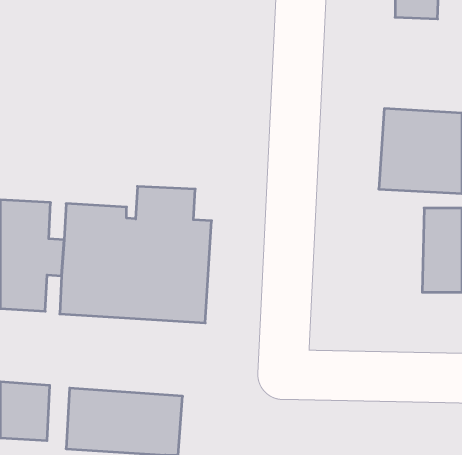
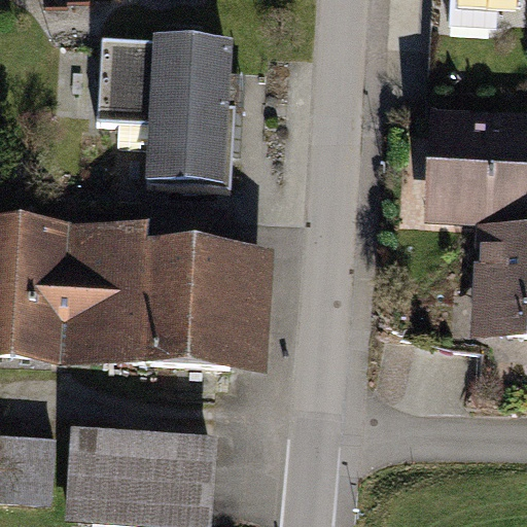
building: none -> [101,38,235,186]

